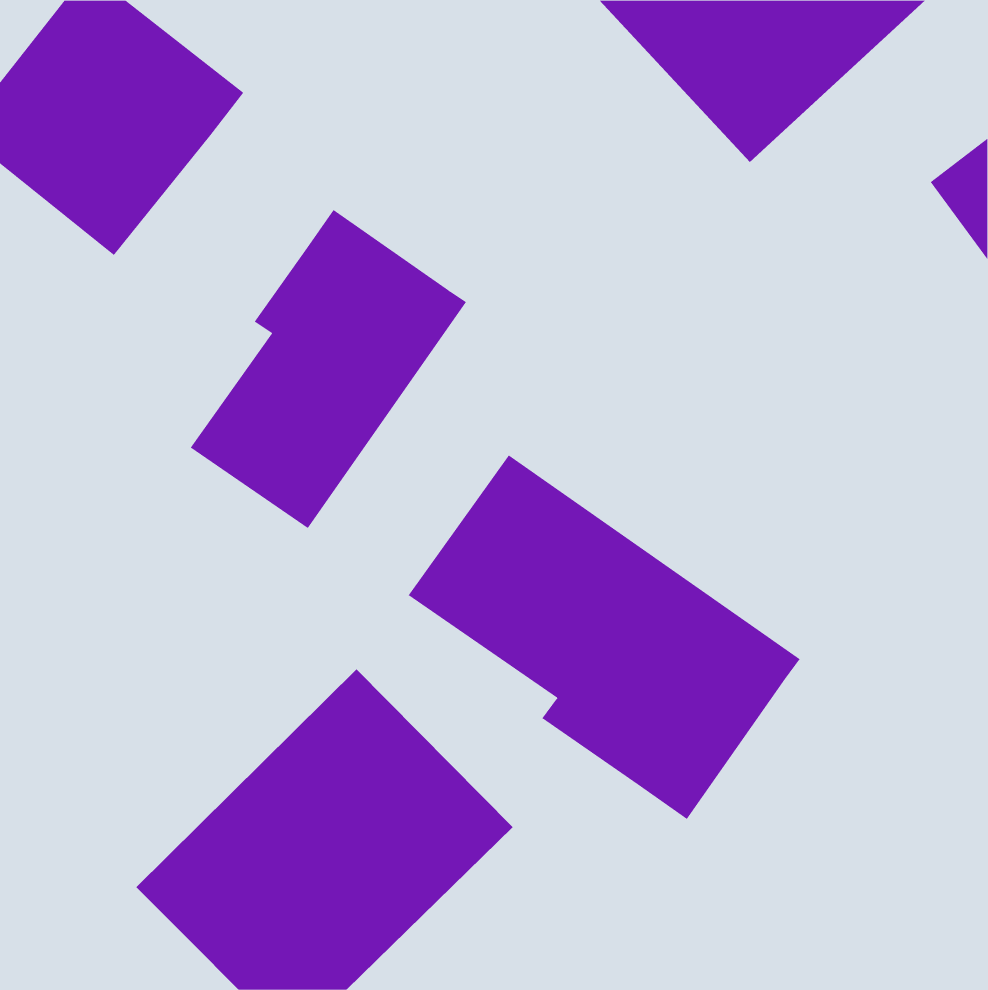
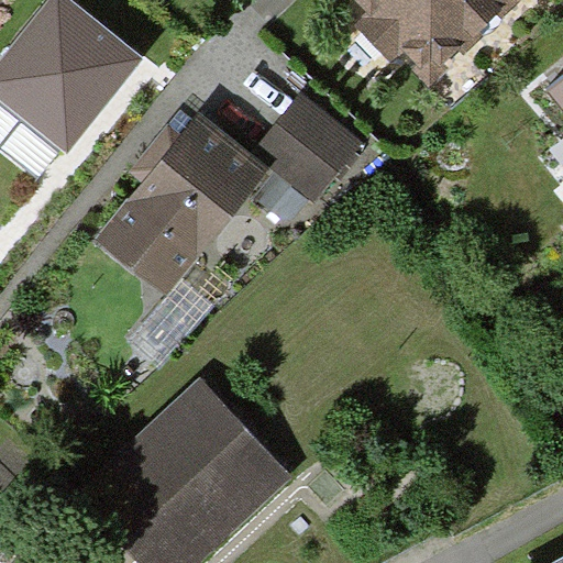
building: none -> [255,100,361,207]
building: [408,454,801,820] -> none

